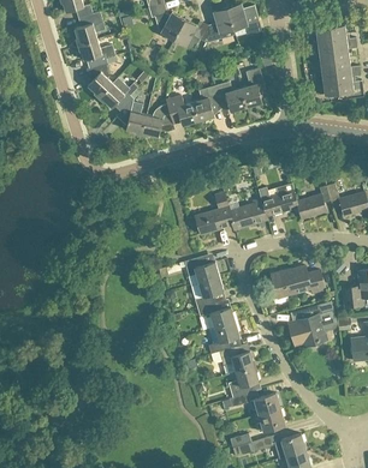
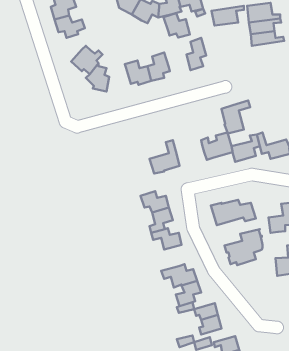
building: [85,62,112,96] -> none
building: [321,71,361,95] -> [212,6,244,25]
building: [213,80,245,110] -> [164,13,190,38]
building: [142,103,174,138] -> none
building: none -> [221,101,250,133]
building: [228,199,266,229] -> none
building: [208,322,239,354] -> none

